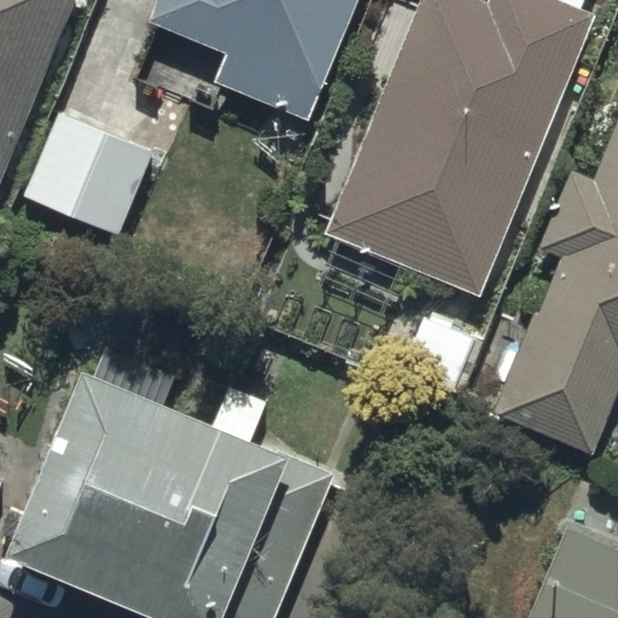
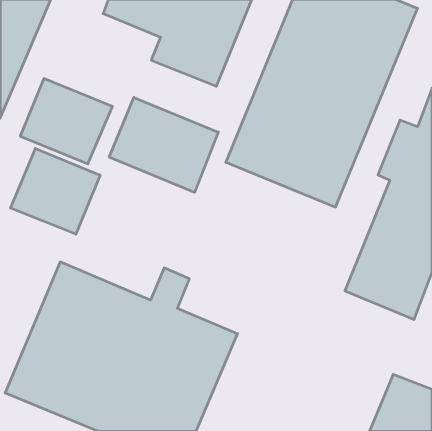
building: none -> [109,97,218,192]
building: none -> [10,148,100,234]

